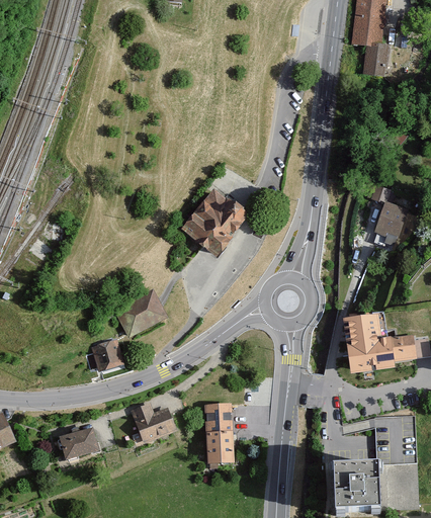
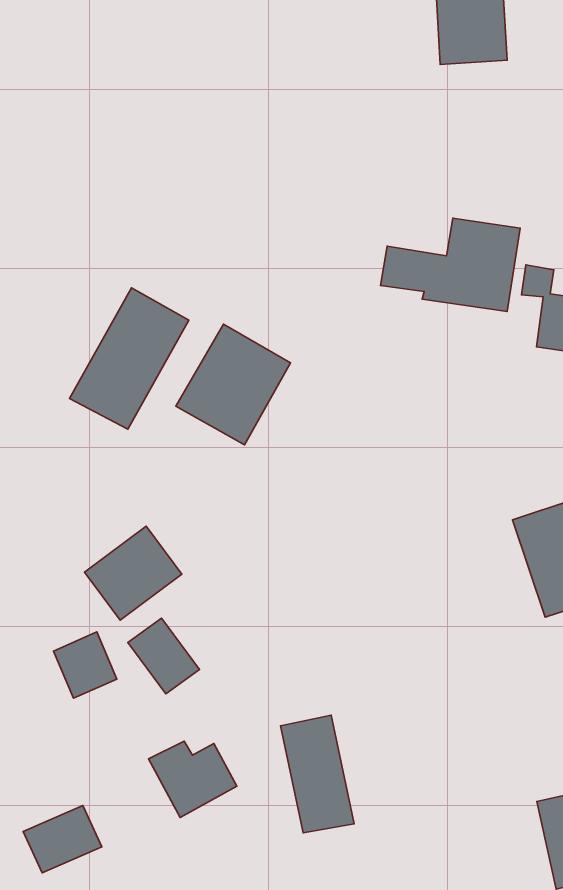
building: none -> [381,218,520,311]
building: none -> [69,288,189,429]
building: none -> [128,618,200,694]

